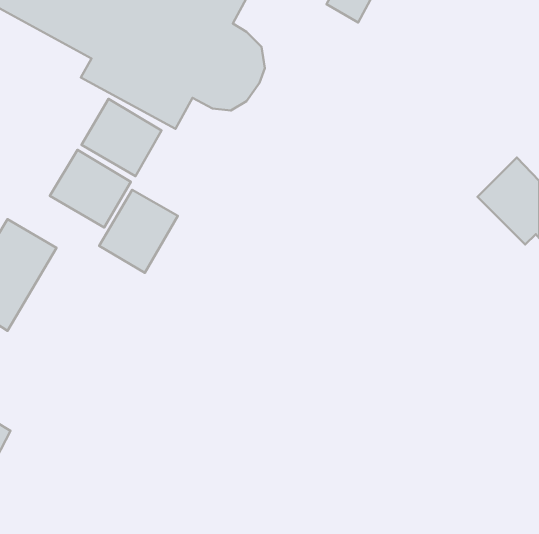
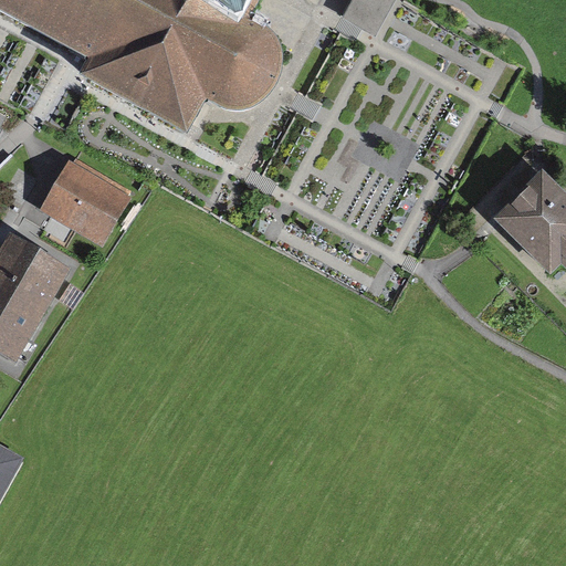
building: [82,99,162,176] -> none
building: [99,190,178,273] -> none

